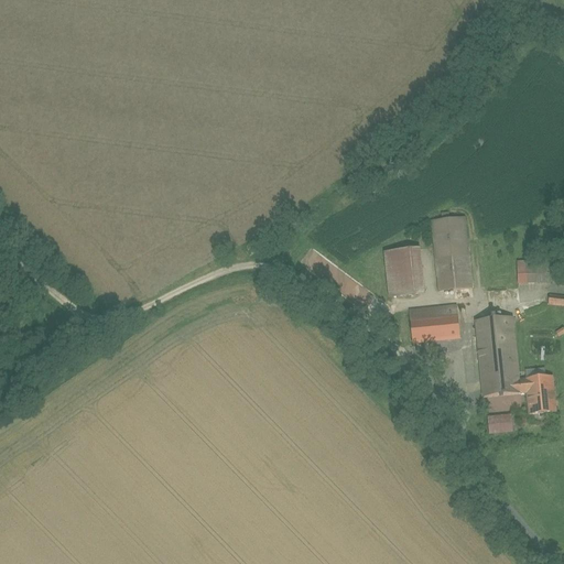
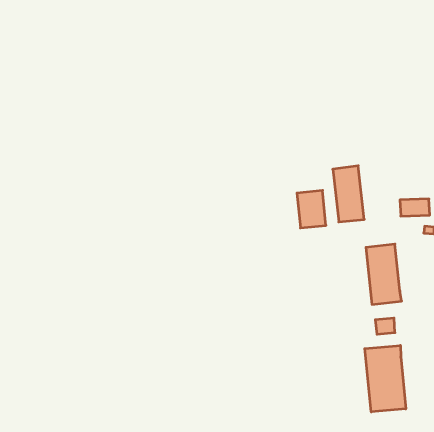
building: [409,303,459,343] -> none
building: [525,373,555,412] -> none
building: none -> [365,345,406,412]

